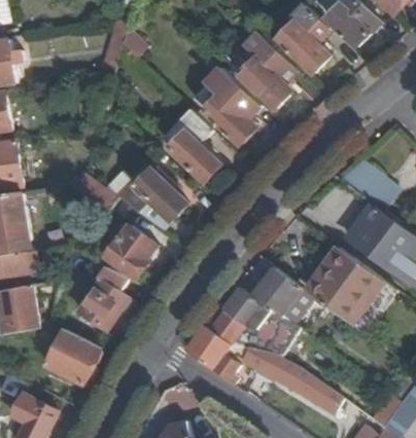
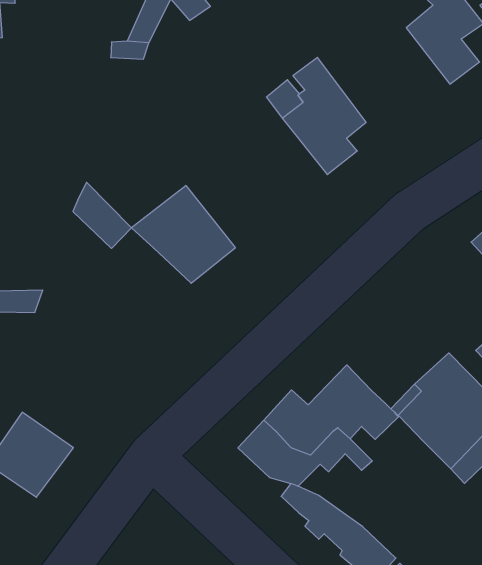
building: [242,32,298,107] -> none
building: [163,107,222,182] -> none
building: [108,224,158,276] -> none
building: [80,266,129,329] -> none
building: [185,326,246,382] -> none

